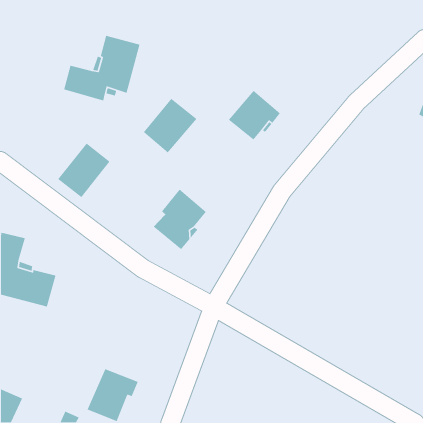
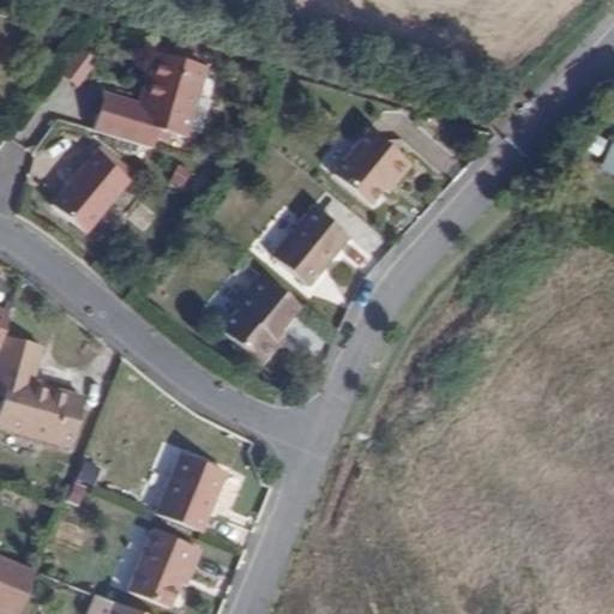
building: [143,98,198,154] -> [272,205,351,285]
building: [57,142,110,198] -> [50,152,127,233]
building: none -> [158,452,227,530]

